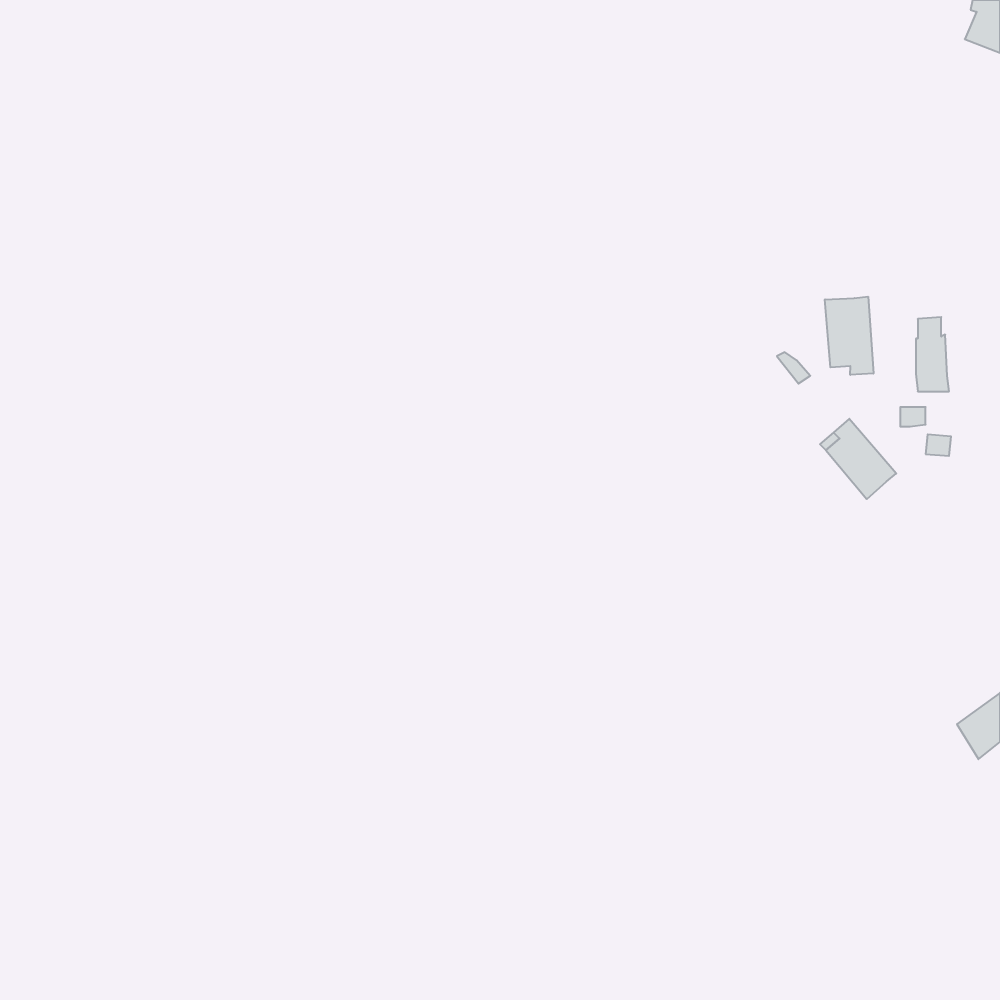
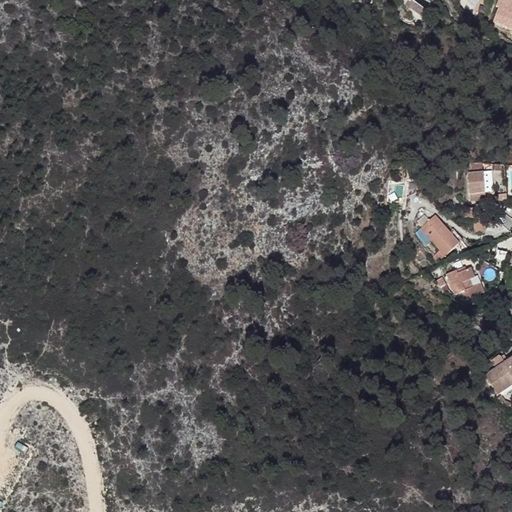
building: [825,297,873,375] -> none
building: none -> [446,266,483,299]

